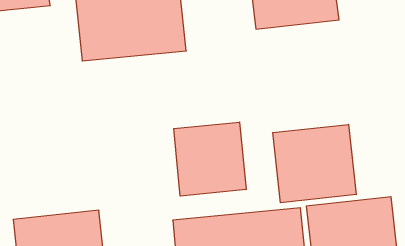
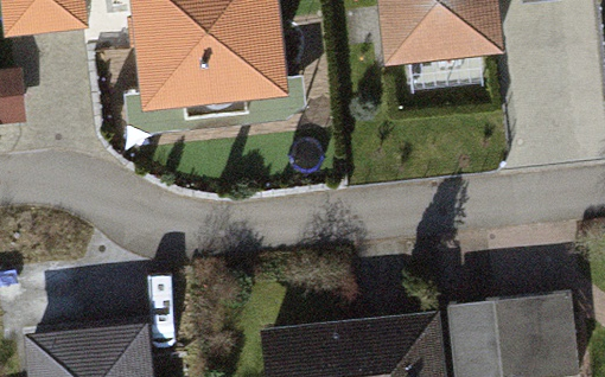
building: [174,122,246,196] -> none
building: [273,124,356,203] -> none

